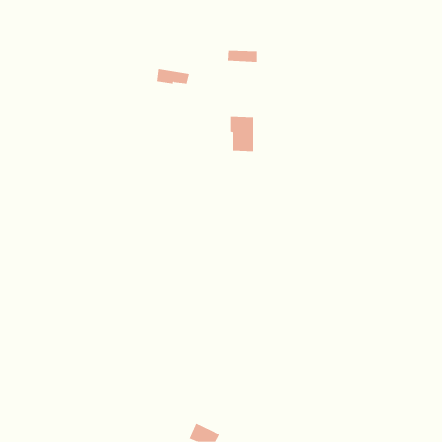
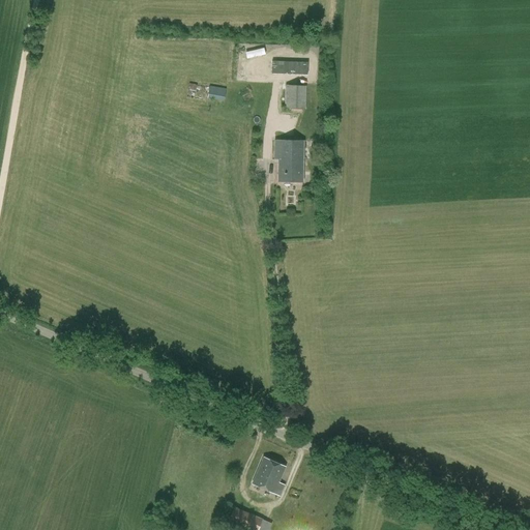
building: none -> [286,84,307,108]
building: none -> [253,457,287,493]

